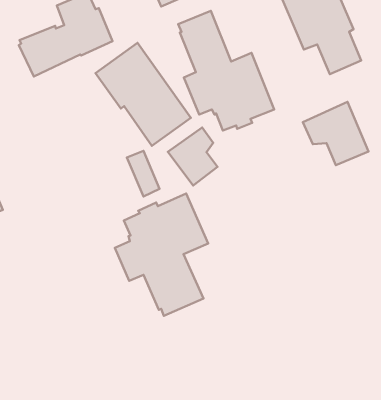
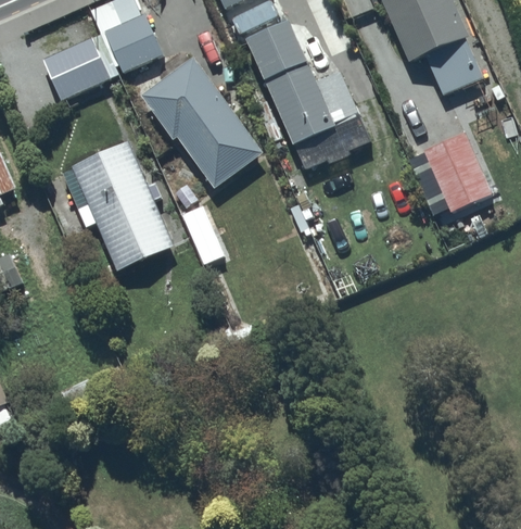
building: none -> [60,130,173,260]
building: [168,127,218,185] -> none
building: [115,194,208,316] -> none

